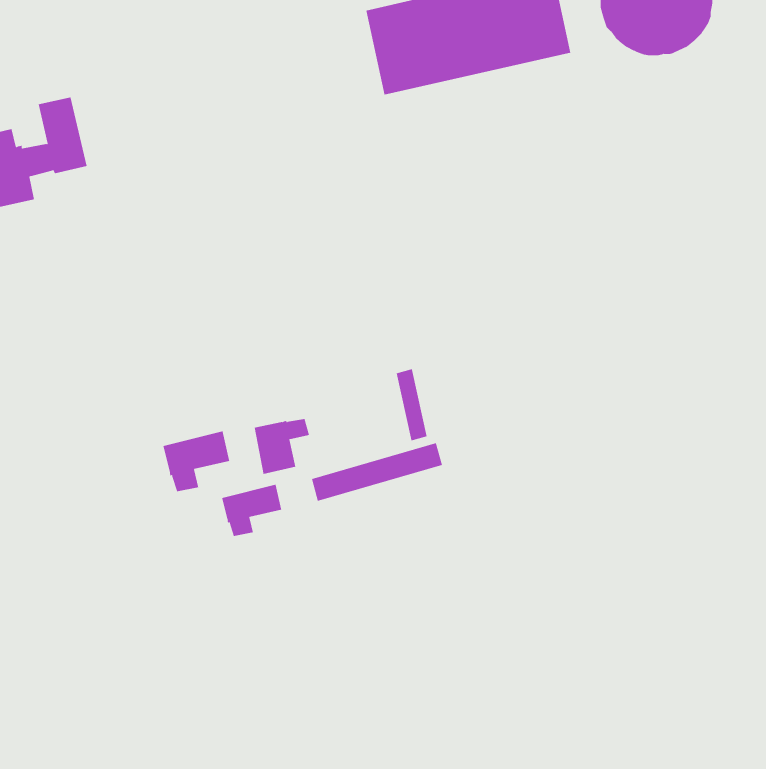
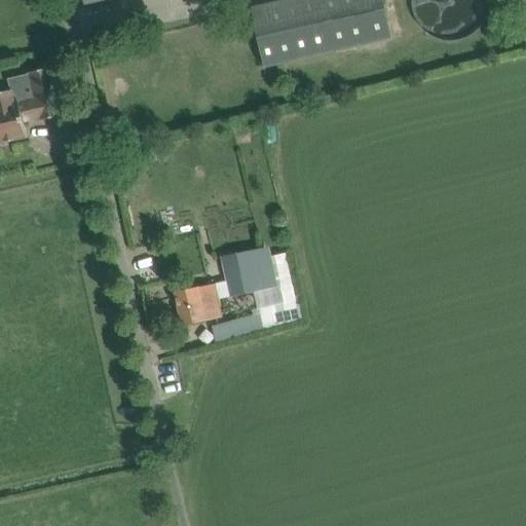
building: none -> [223,255,269,293]
building: [163,430,230,492] -> none
building: [222,484,282,537] -> none

